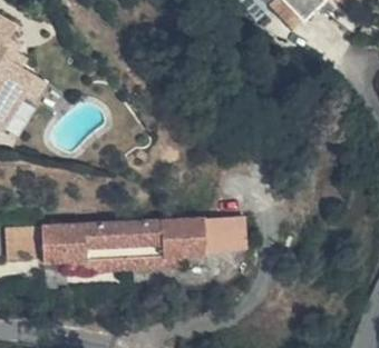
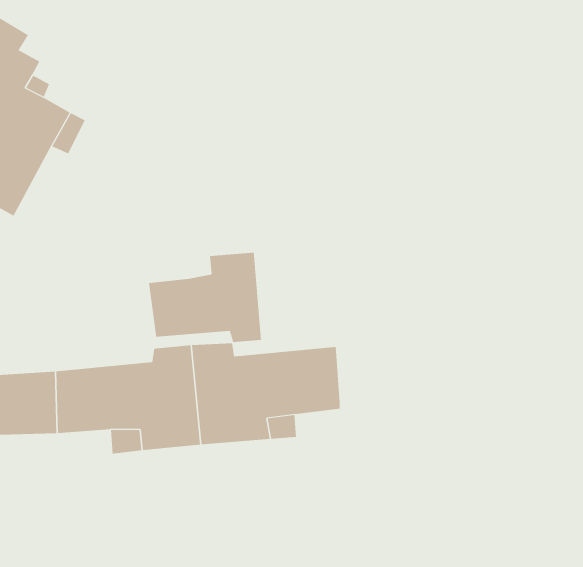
building: none -> [148,252,262,343]
building: [207,213,240,249] -> none

